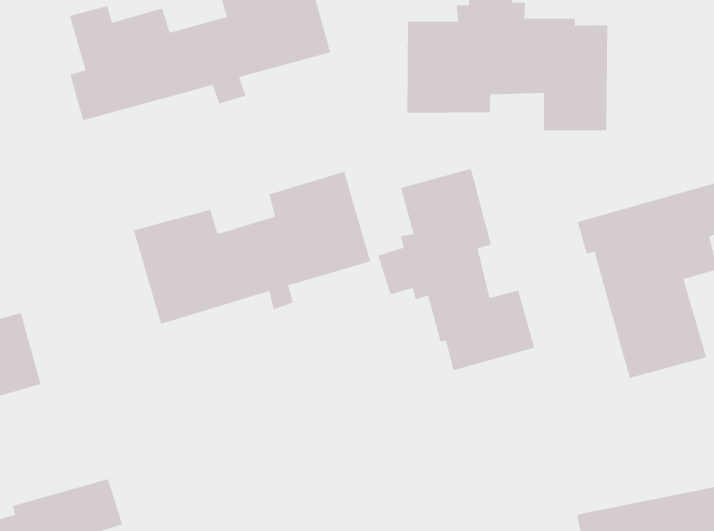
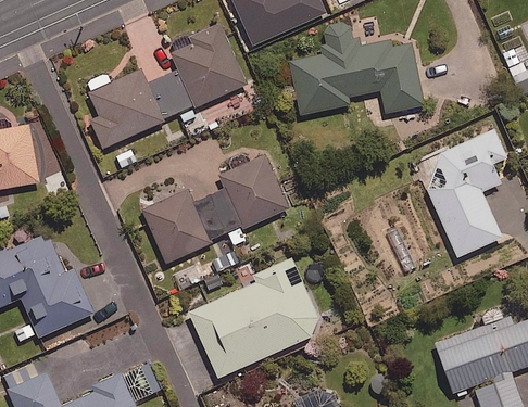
building: [377,168,535,371] -> none
building: none -> [189,270,324,377]

